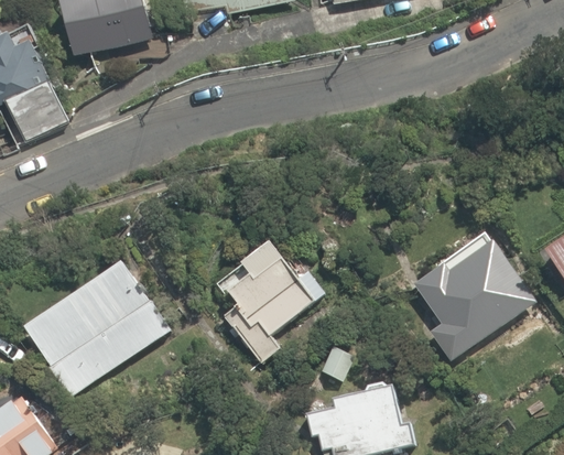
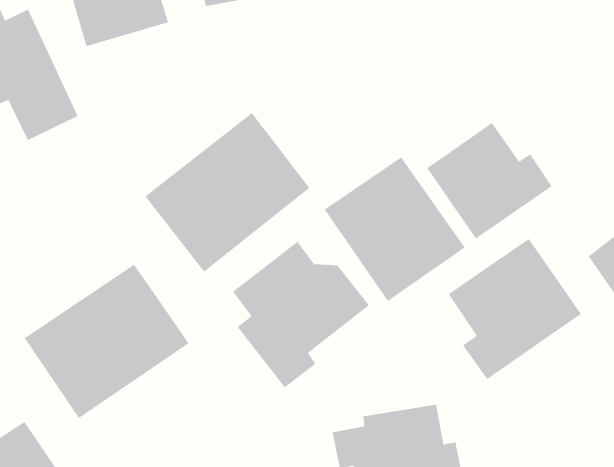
building: none -> [145,112,310,273]
building: none -> [426,122,552,240]
building: none -> [324,156,466,302]

